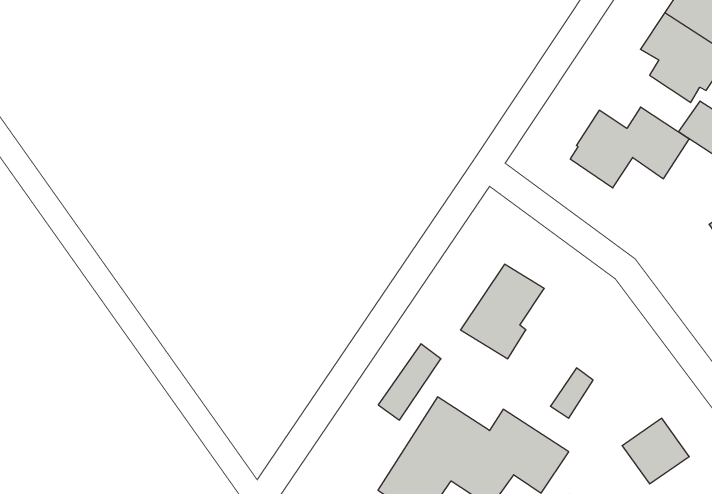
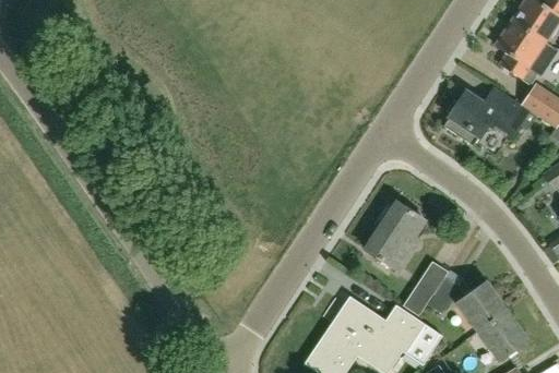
building: [378,344,441,420] -> [404,262,449,316]
building: none -> [460,282,509,330]

